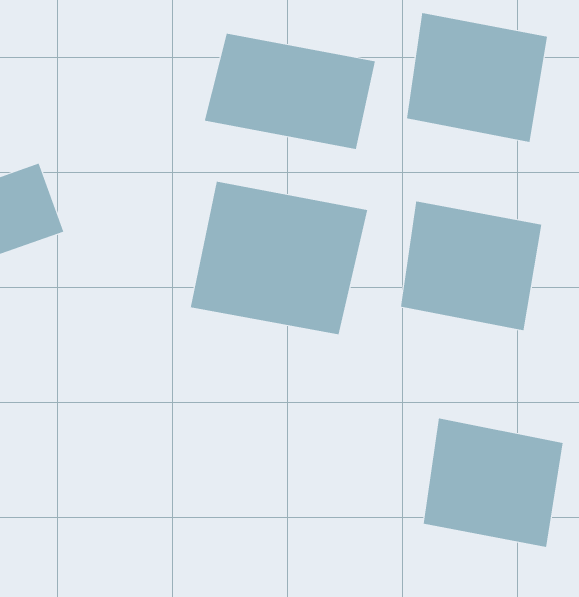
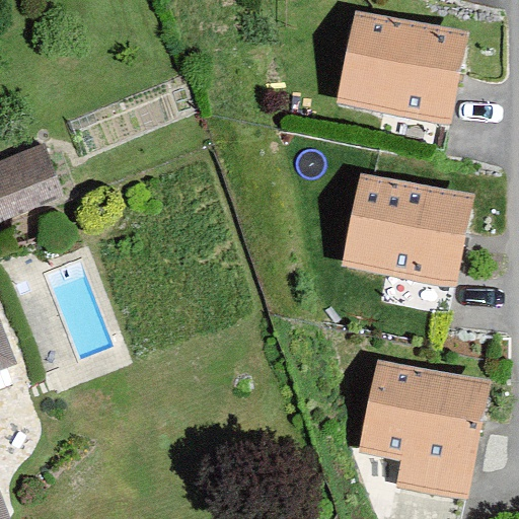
building: [204,33,375,150] -> none
building: [190,181,368,335] -> none

